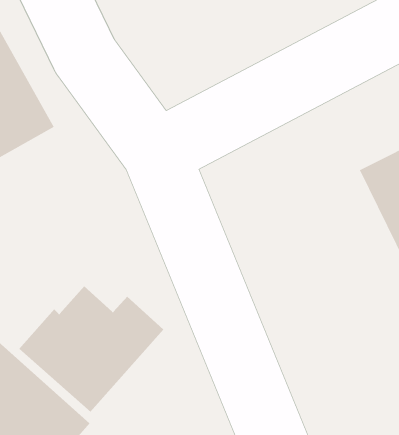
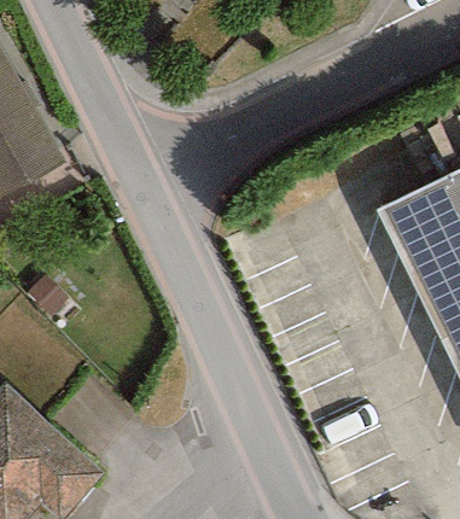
building: [18,285,164,412] -> none

